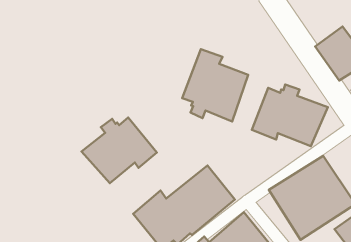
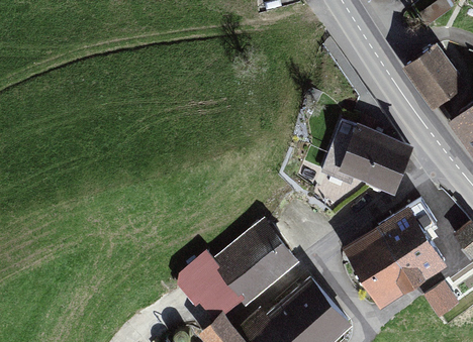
building: [182,49,248,121] -> none
building: [82,118,157,183] -> none

